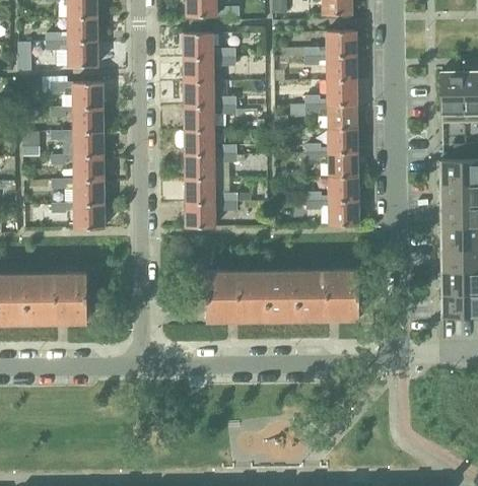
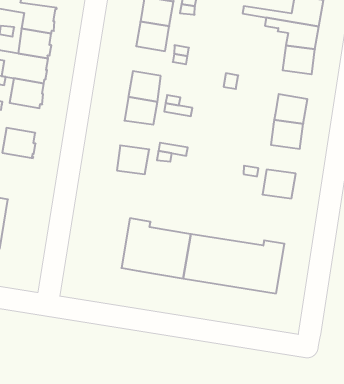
building: [305,103,356,128] -> none
building: [184,106,212,130] -> none
building: [329,177,357,202] -> none
building: [185,178,213,203] -> none
building: [72,181,104,205] -> none

